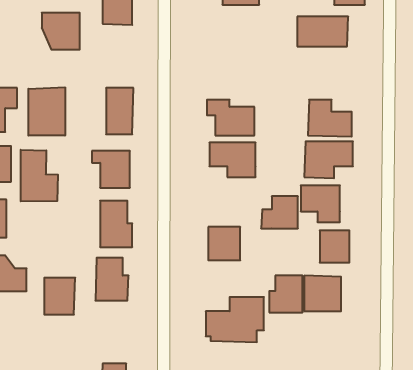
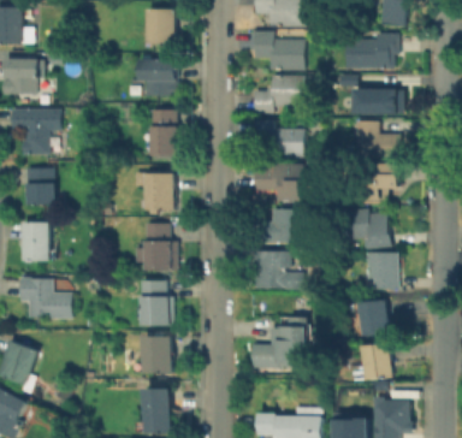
building: [42,13,80,50] -> [137,59,176,96]
building: none -> [254,36,304,70]
building: none -> [254,77,303,111]
building: none -> [350,85,393,111]
building: [28,87,65,136] -> none
building: [21,150,58,201] -> none
building: [261,196,298,228] -> [261,209,298,242]
building: [269,276,303,312] -> [355,342,389,379]
building: [44,278,75,315] -> [142,336,173,373]

